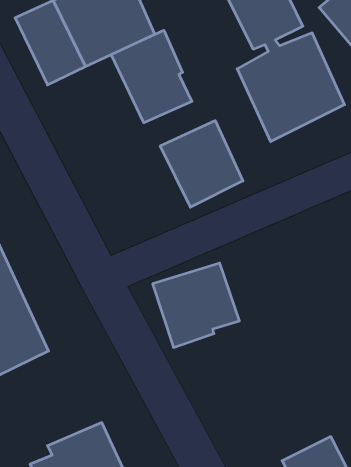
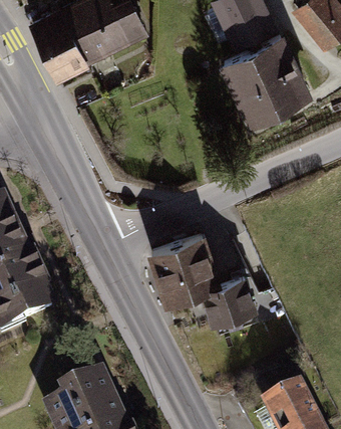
building: [111,30,192,123] -> none
building: [160,121,243,207] -> none
building: none -> [200,276,259,328]

